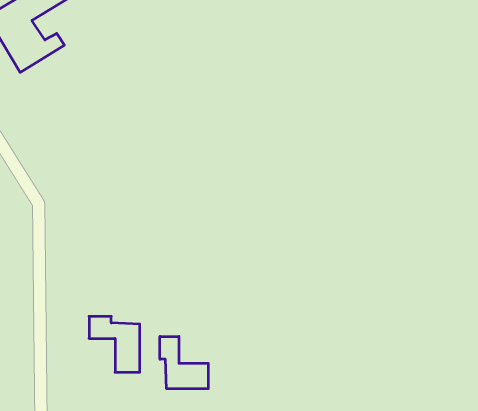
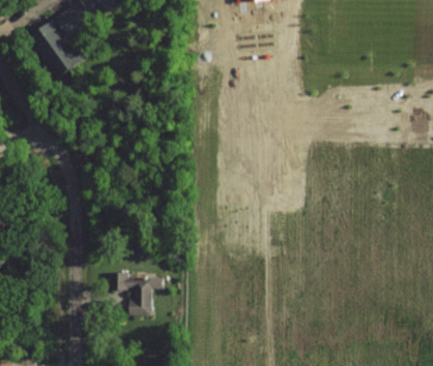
building: [160,336,208,389] -> none

